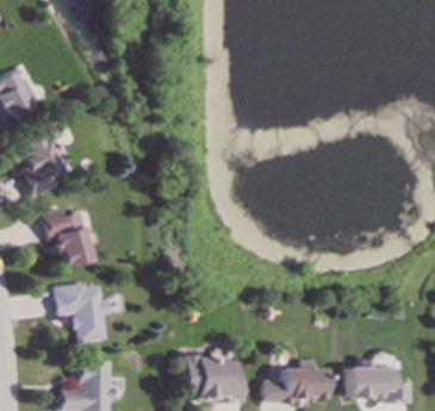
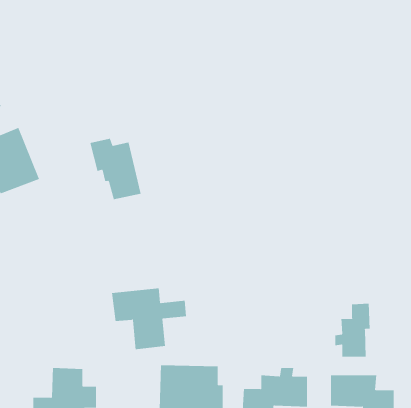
building: [42,207,92,267] -> [90,138,142,200]
building: [54,282,126,342] -> [111,288,187,350]
building: none -> [335,303,370,357]

